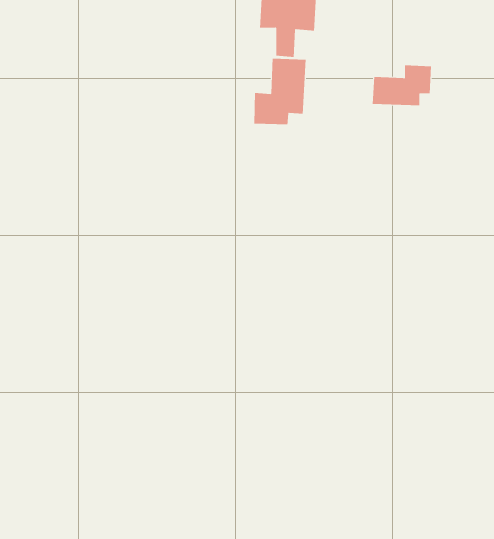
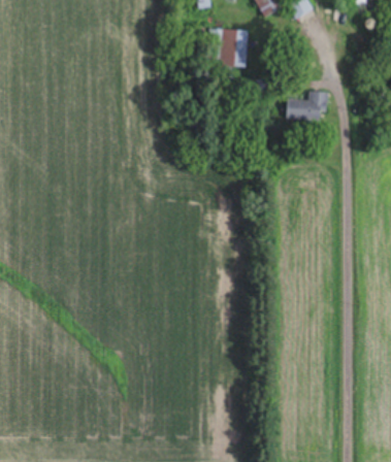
building: [254,58,306,125] -> none

